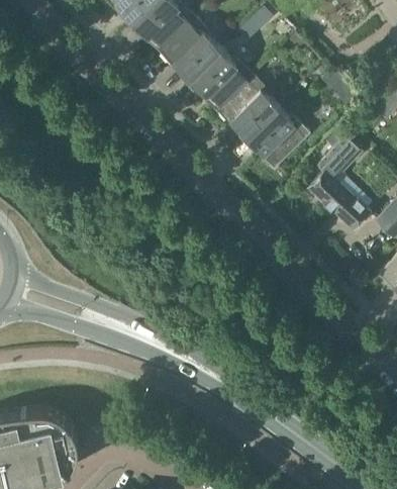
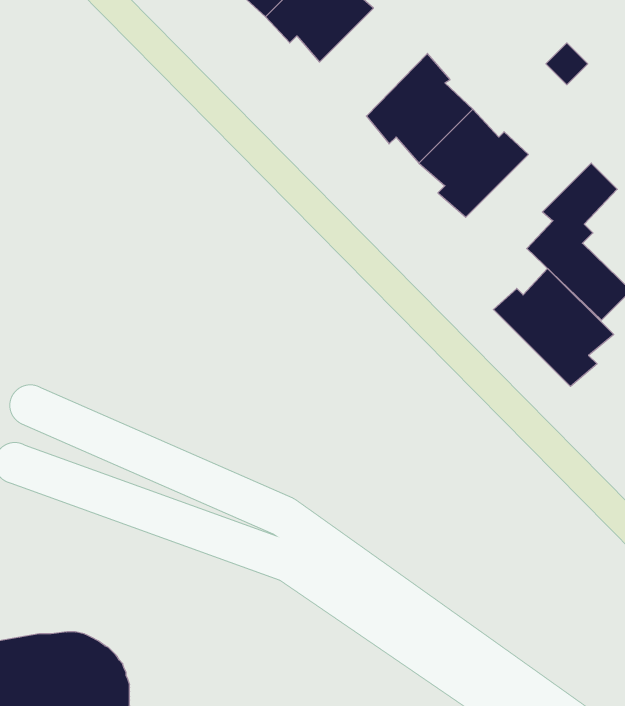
building: [188,47,251,110] -> none
building: none -> [493,268,614,386]

